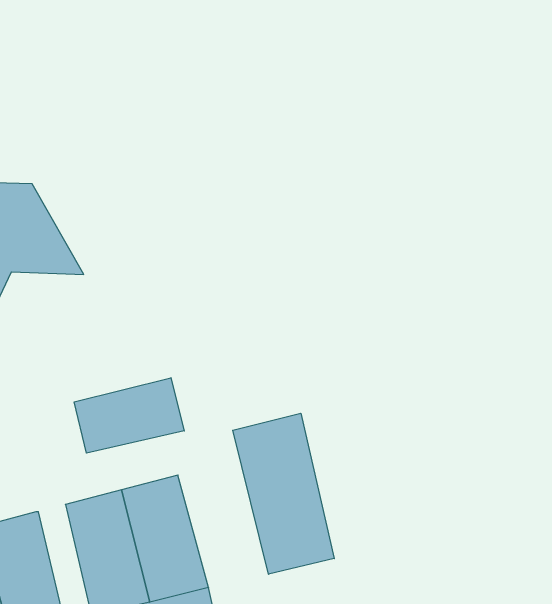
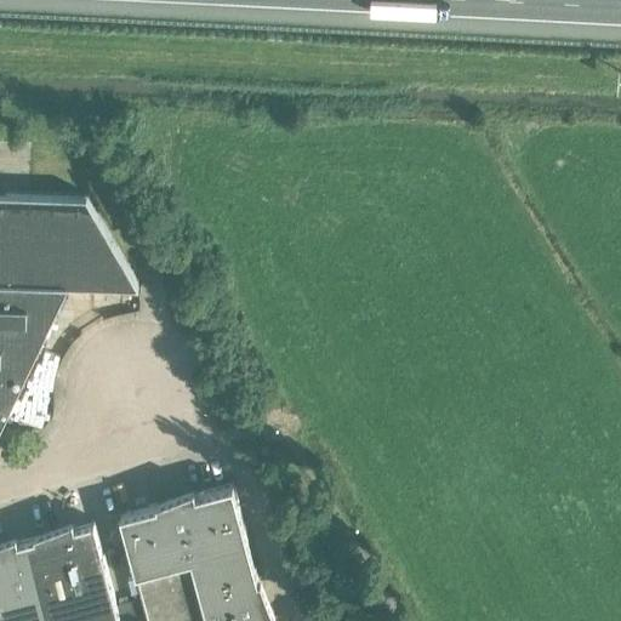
building: [74,378,184,453] -> none
building: [233,413,334,574] -> none

